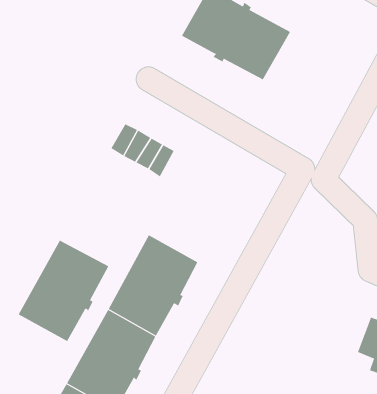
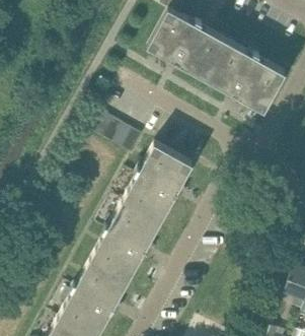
building: none -> [212,43,286,110]
building: [18,240,109,342] -> [123,142,194,221]

